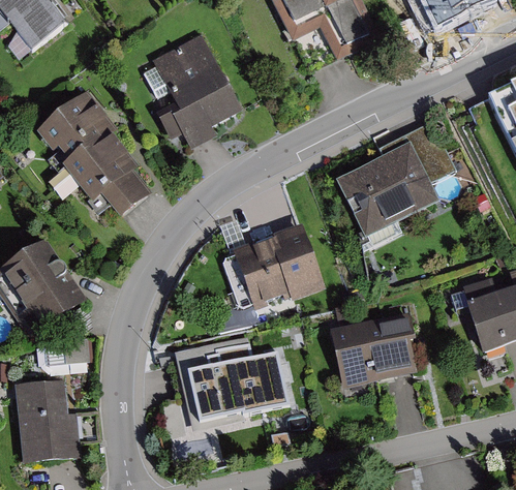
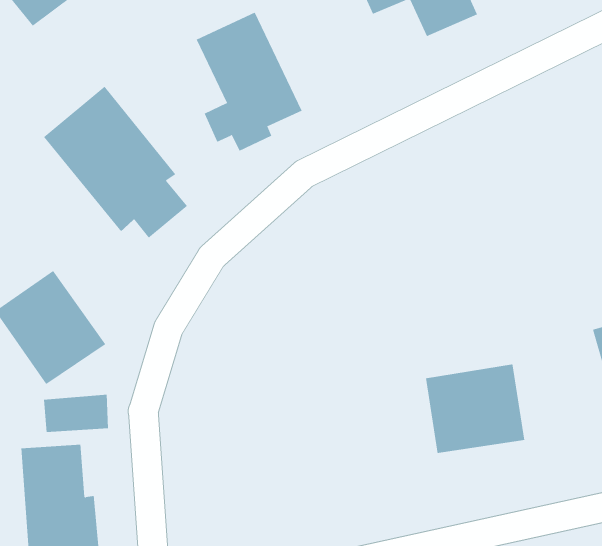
building: [337,124,451,236] -> none
building: [235,224,318,302] -> none
building: [182,347,285,428] -> none

